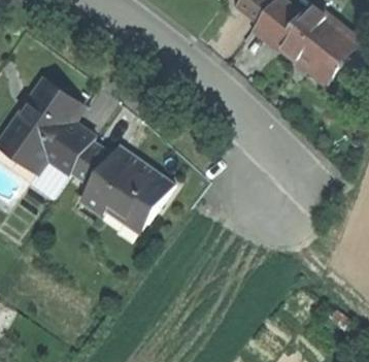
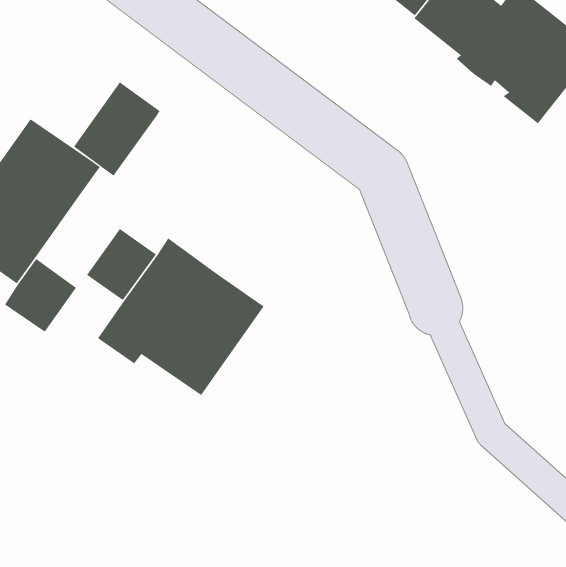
building: [45,120,94,172] -> [73,81,160,176]

